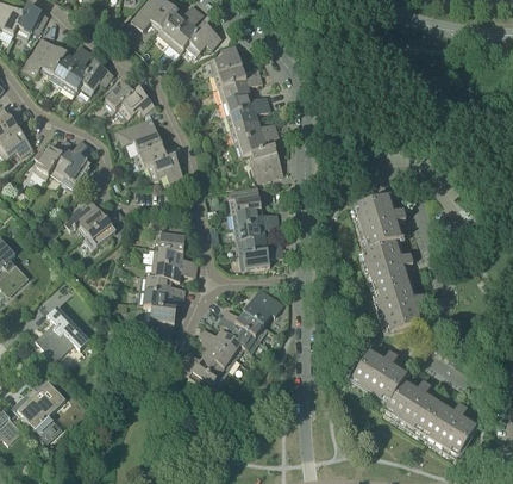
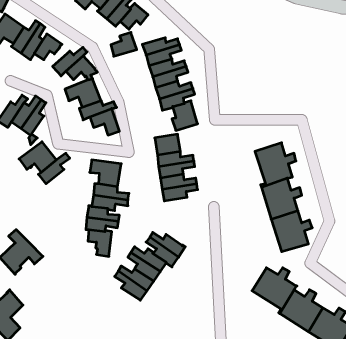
building: [211,44,243,74] -> [111,32,137,56]
building: [244,287,284,325] -> none

